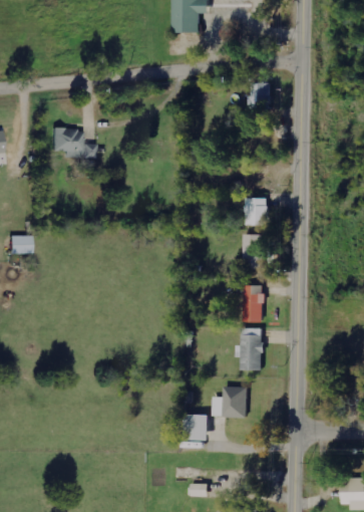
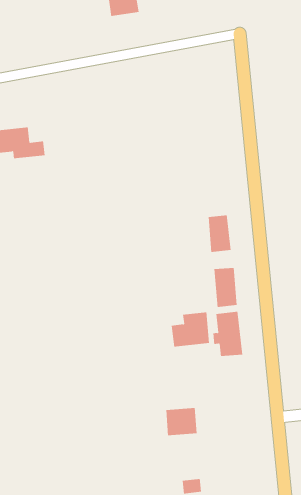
building: [247,81,269,108] -> none
building: [244,197,268,224] -> none
building: [211,387,247,417] -> [171,312,210,347]

